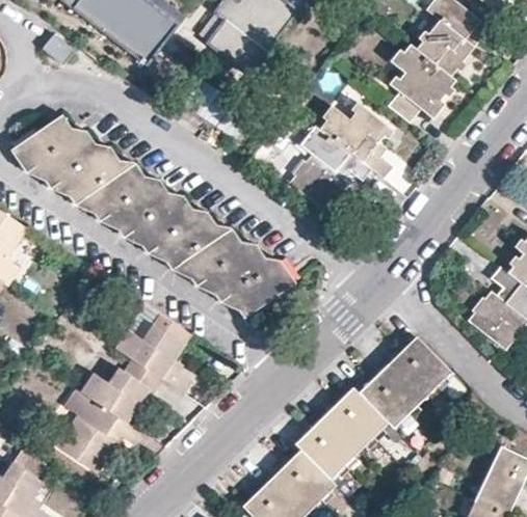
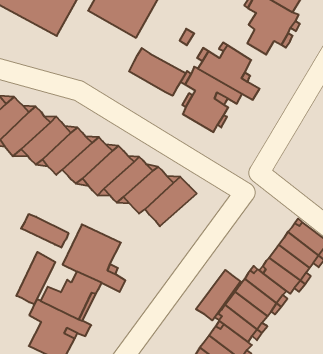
building: none -> [129,48,186,96]
building: none -> [21,214,68,248]
building: none -> [16,252,55,304]
building: none -> [196,270,241,320]

